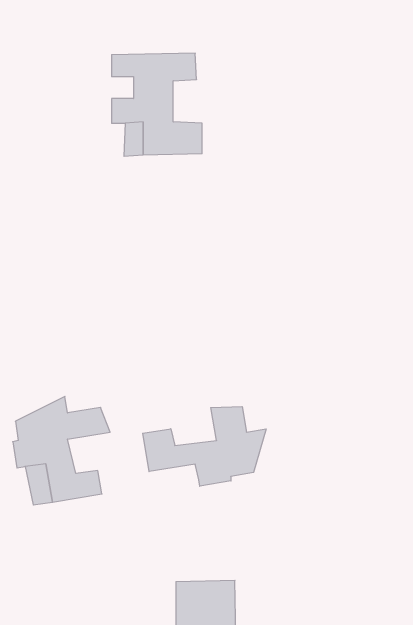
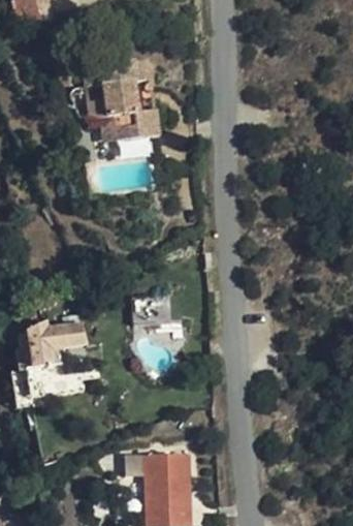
building: [143,407,266,486] -> none

